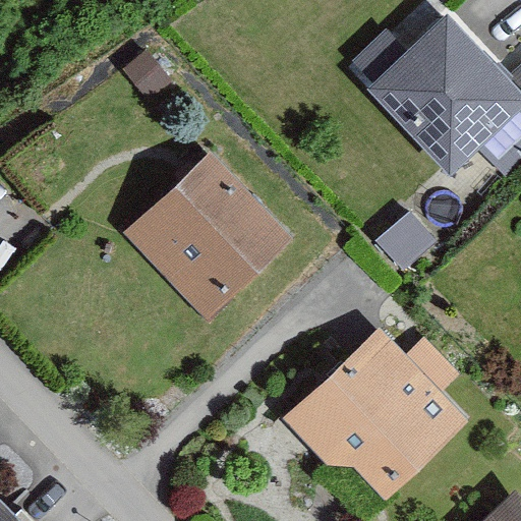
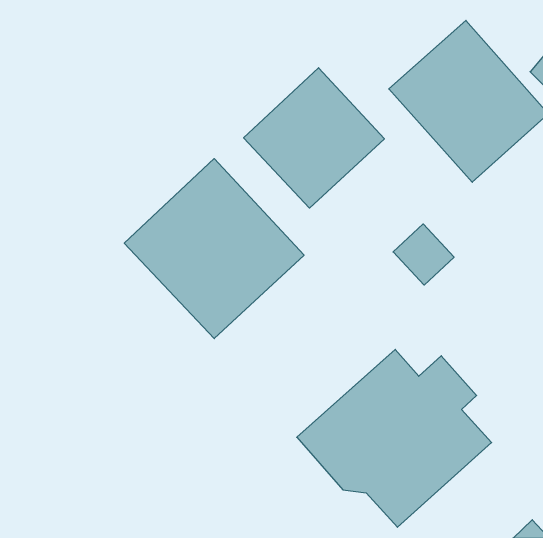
building: none -> [244,68,384,208]

